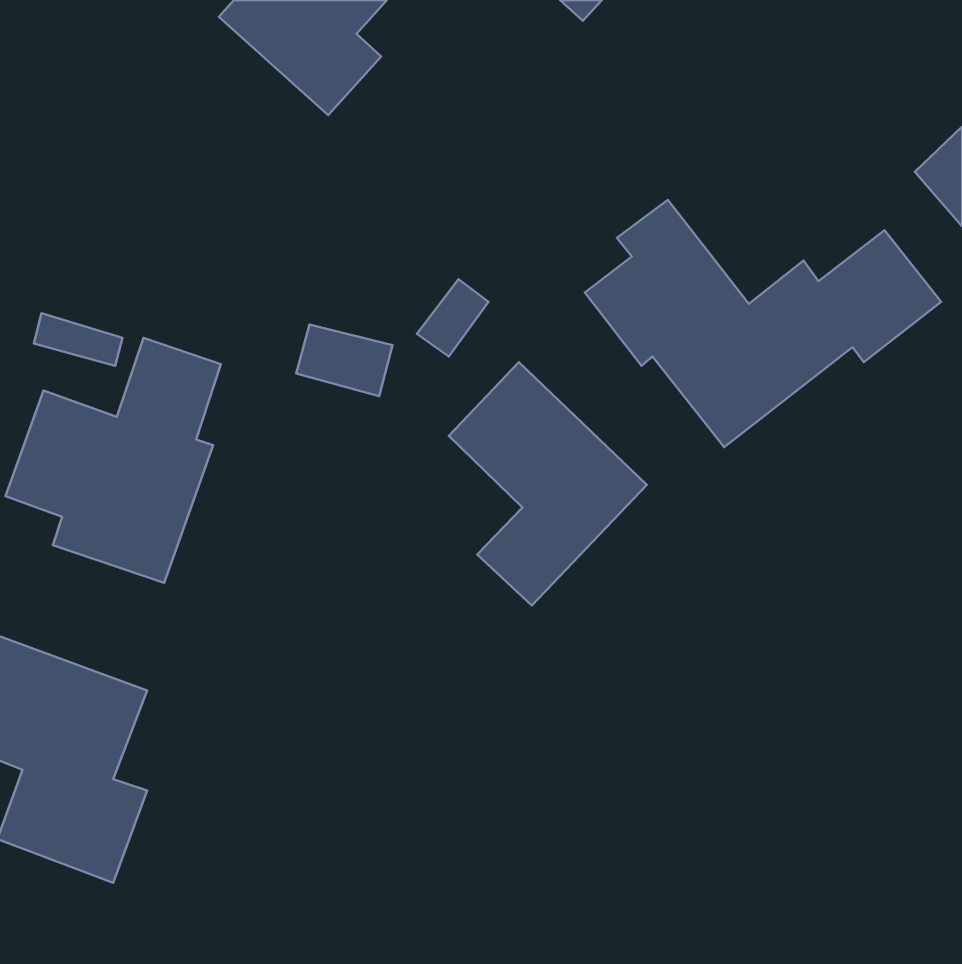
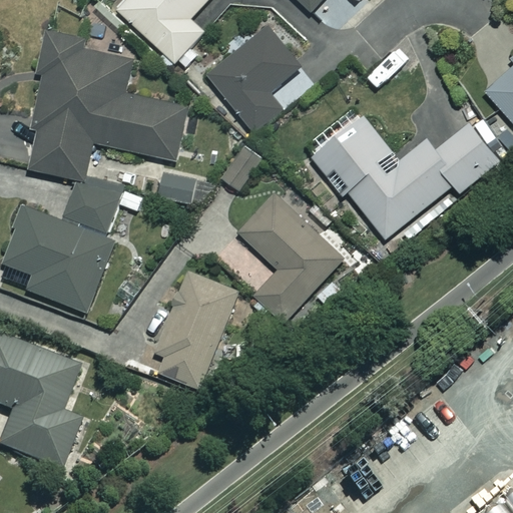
building: none -> [207,24,302,132]
building: none -> [25,29,186,177]
building: none -> [149,272,237,388]

